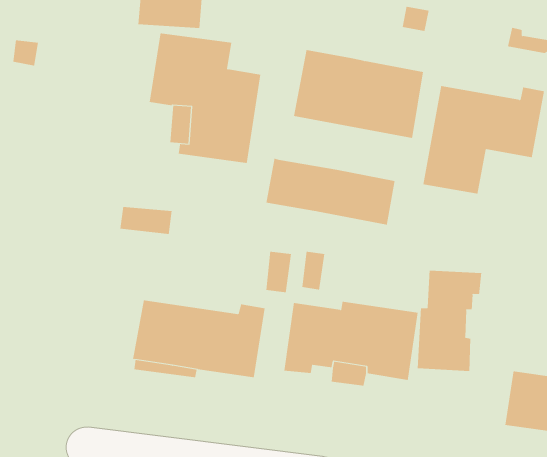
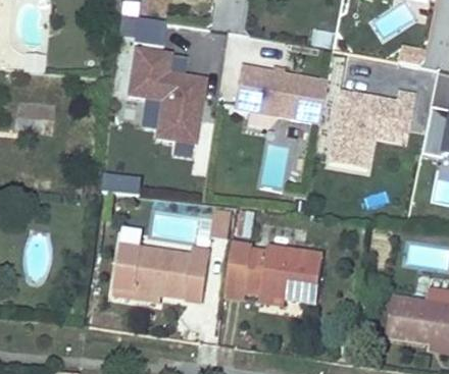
building: [266,158,395,226] -> none
building: [417,270,482,372] -> none

